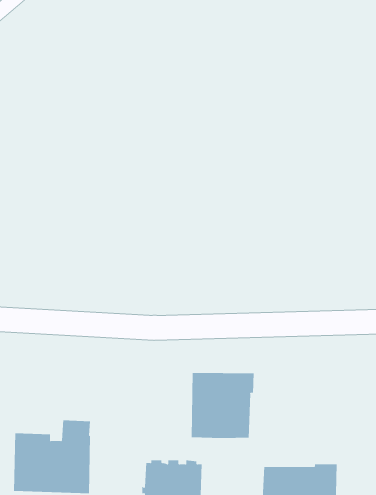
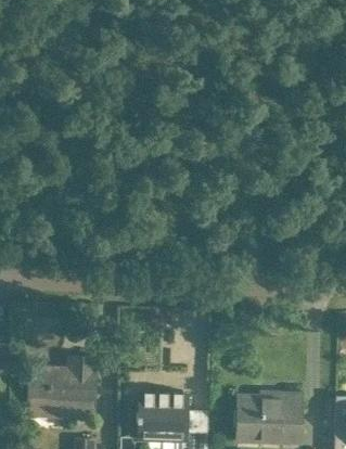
building: [191,372,254,439] -> none

